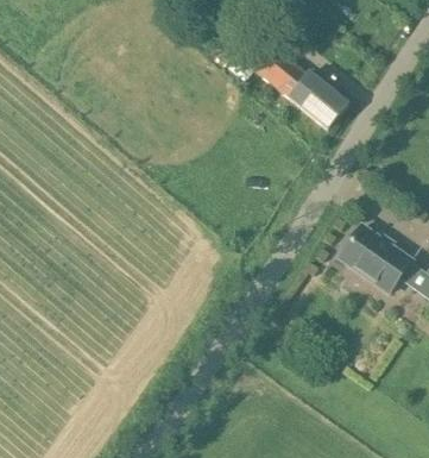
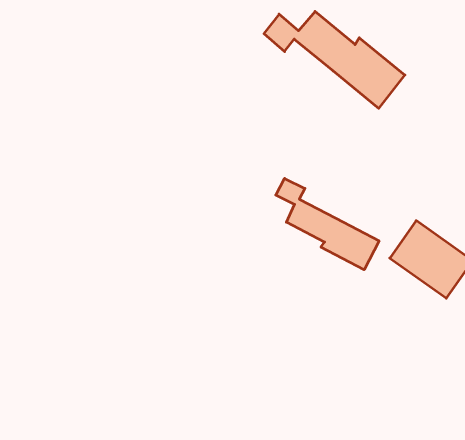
building: none -> [276,178,379,270]

